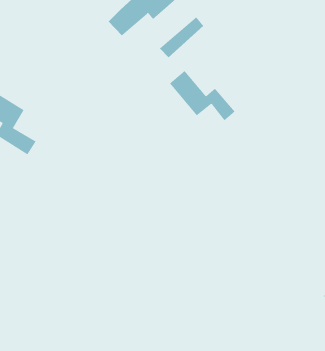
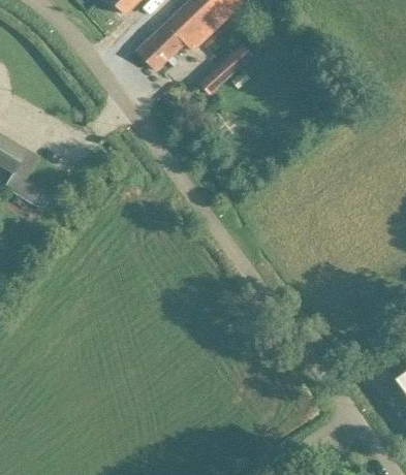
building: [169,70,235,121] -> none

